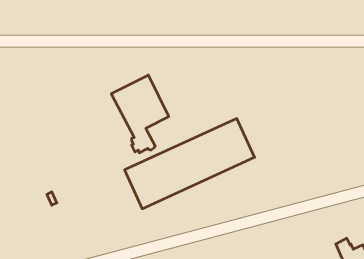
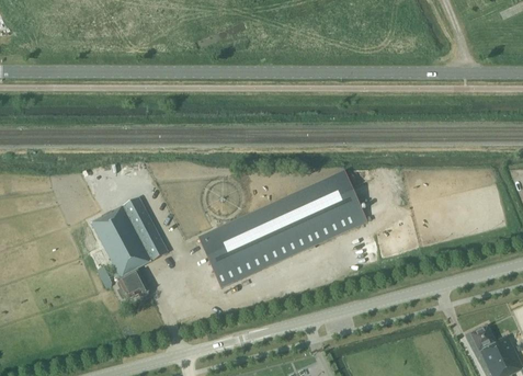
building: [111,75,169,153] -> [91,200,166,300]

